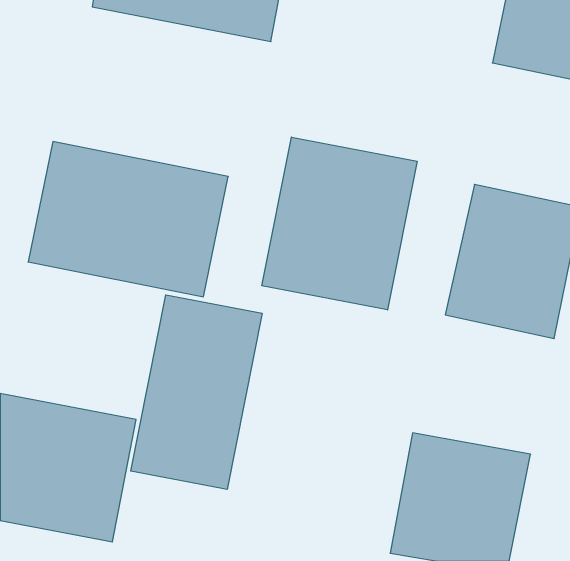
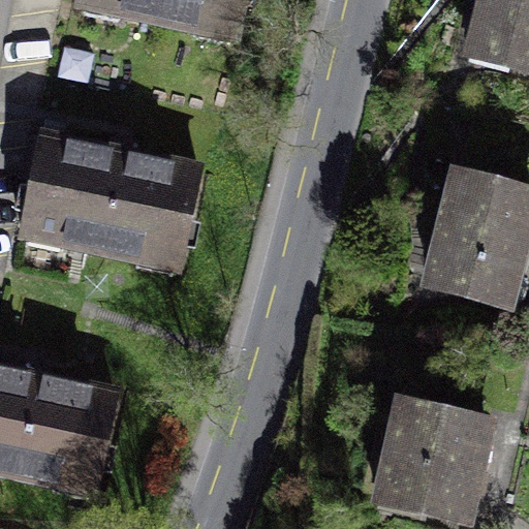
building: [262,137,417,310] -> none
building: [131,295,262,489] -> none

